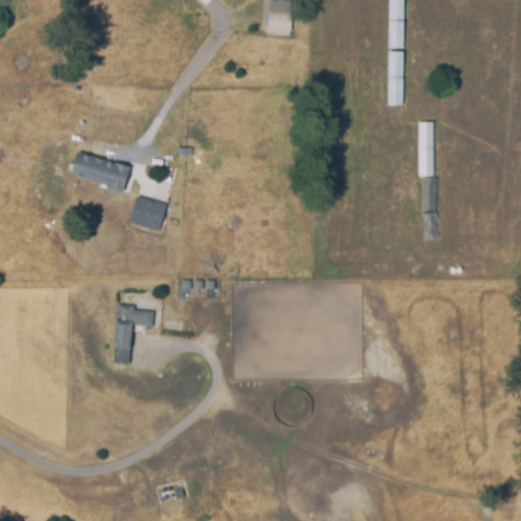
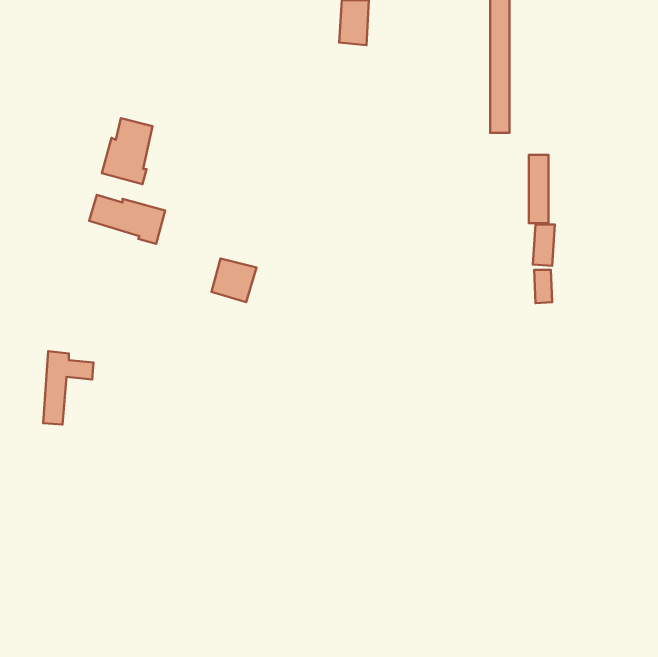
building: none -> [102,118,153,184]
building: [131,196,167,231] -> [211,258,257,302]
building: [114,303,154,361] -> [43,351,93,425]

